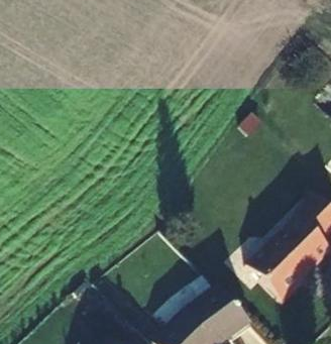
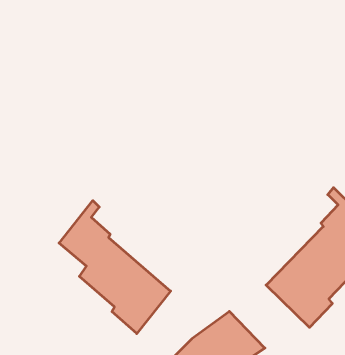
building: none -> [59,201,171,334]

